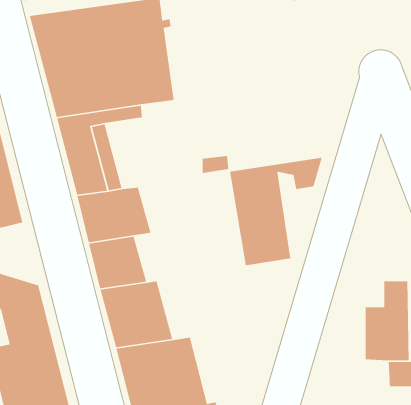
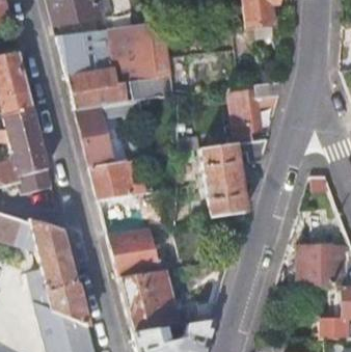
building: none -> [228,79,286,131]

